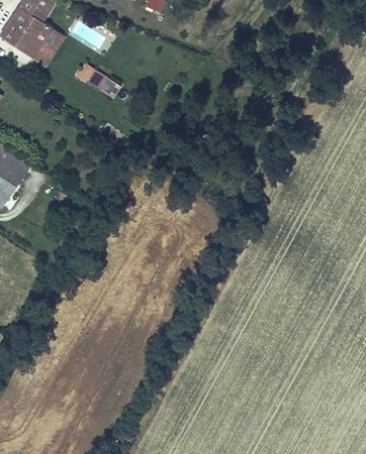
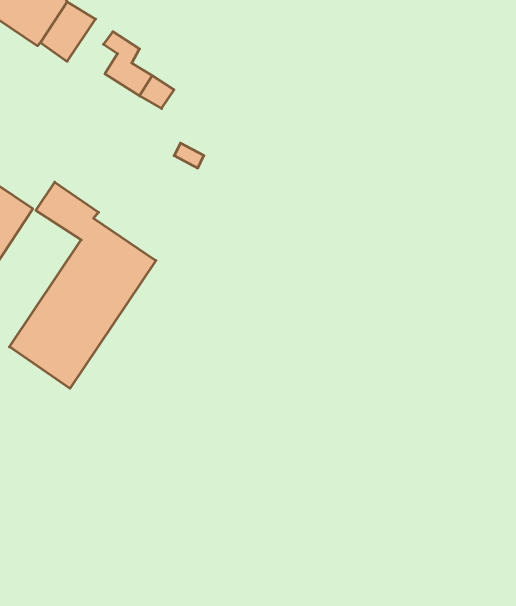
building: none -> [9,182,156,388]

